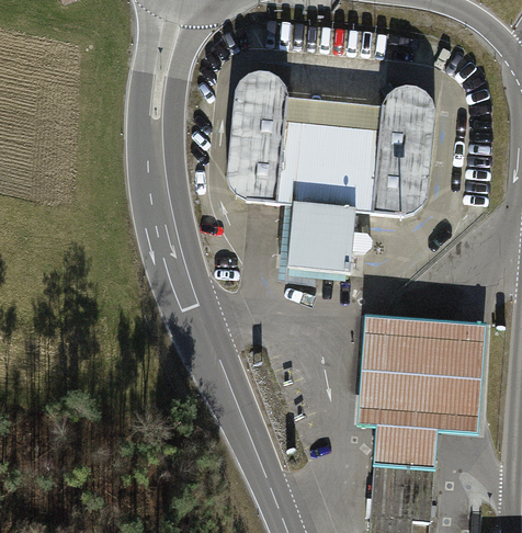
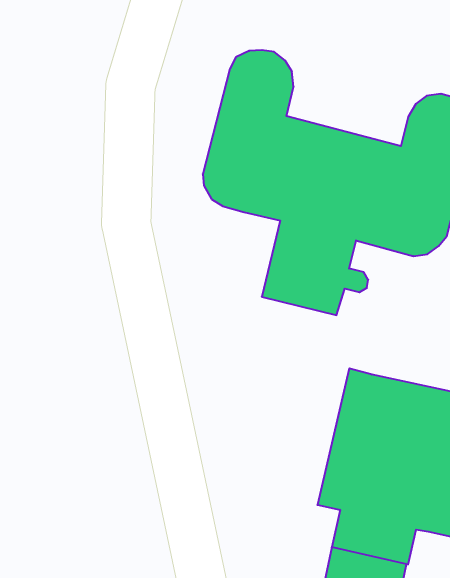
building: [285,97,382,131] -> none

